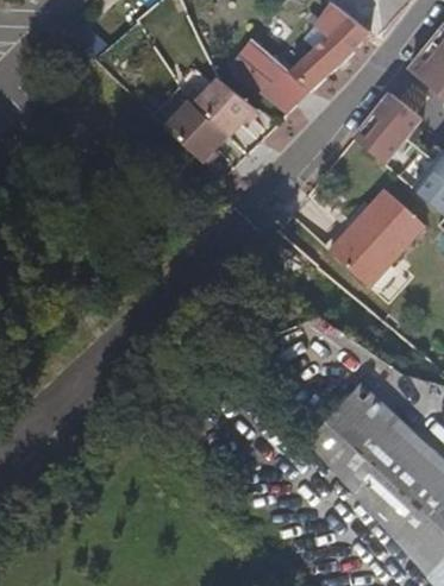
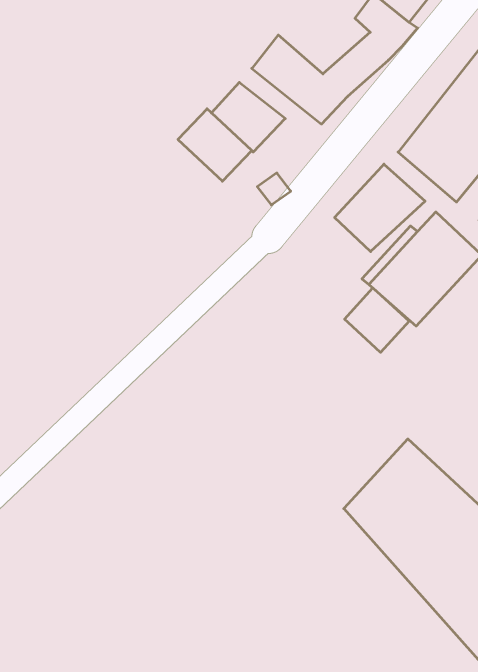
building: none -> [335,164,425,252]
building: none -> [345,288,409,352]

